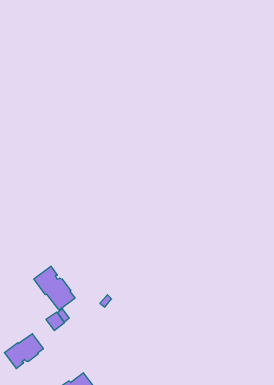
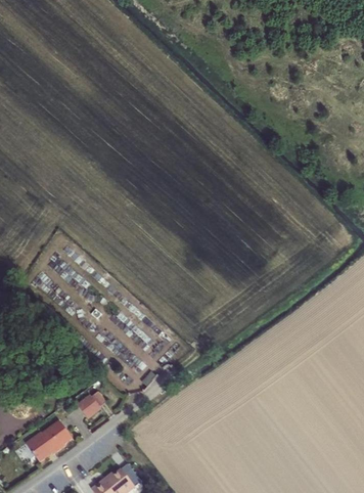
building: [34,266,75,310] -> none

